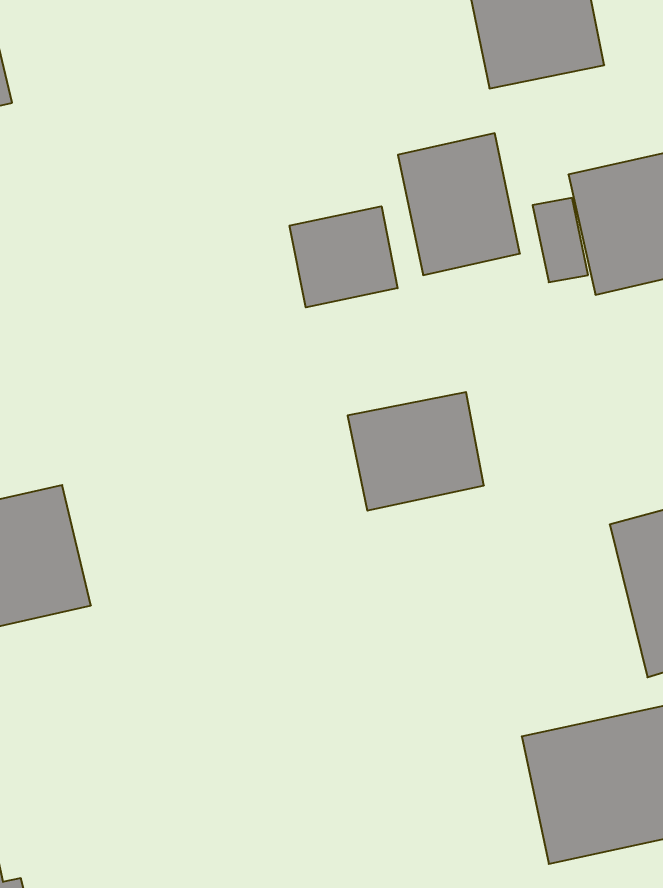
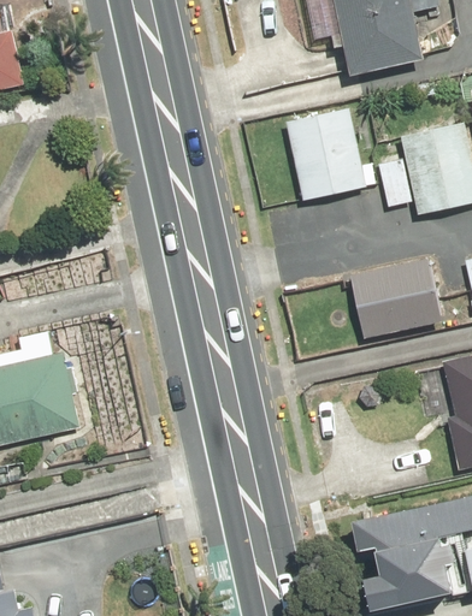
building: [290,206,398,307] -> none
building: [348,392,484,511] -> [350,259,442,338]

